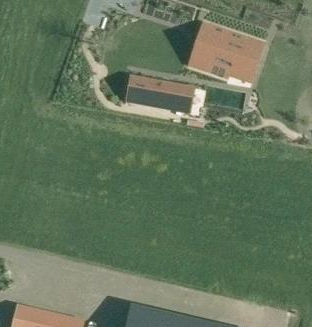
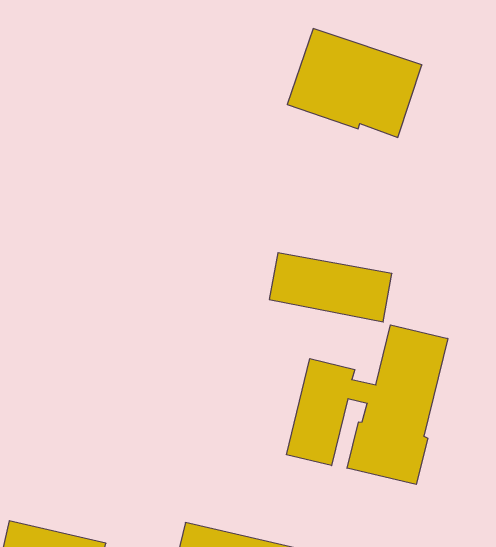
building: [124,75,195,115] -> [269,253,392,322]
building: none -> [287,325,448,484]

